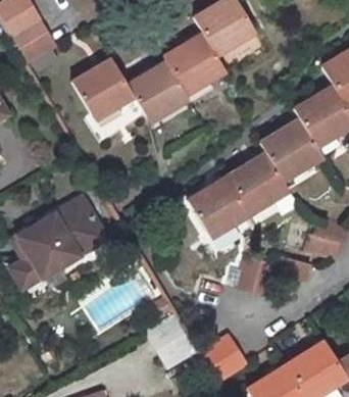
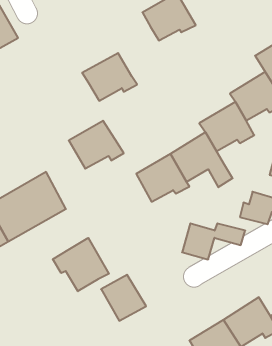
building: [163,34,226,90] -> none
building: [71,60,134,114] -> [69,121,124,169]
building: none -> [53,238,109,291]
building: [201,338,246,381] -> none

